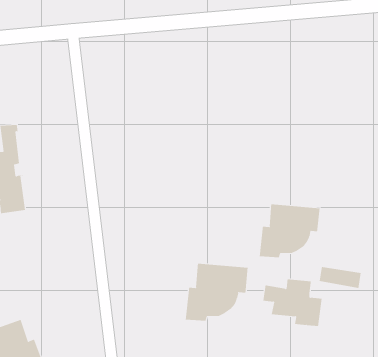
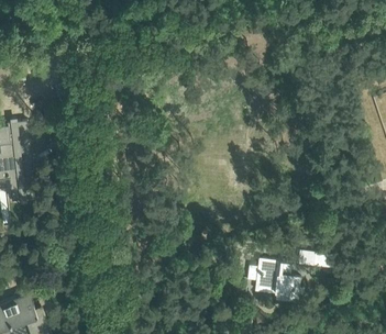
building: [259,203,320,258] -> none
building: [185,263,248,321] -> none

